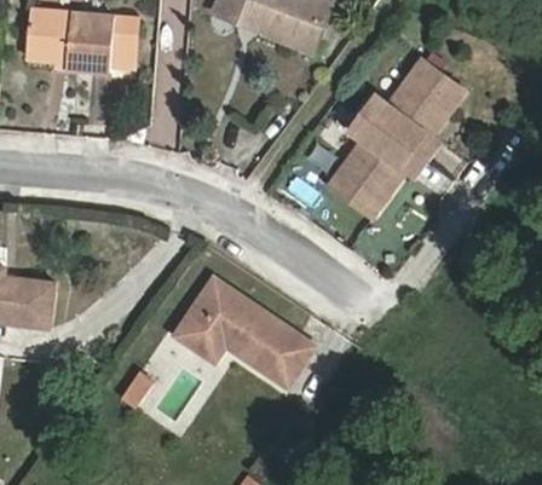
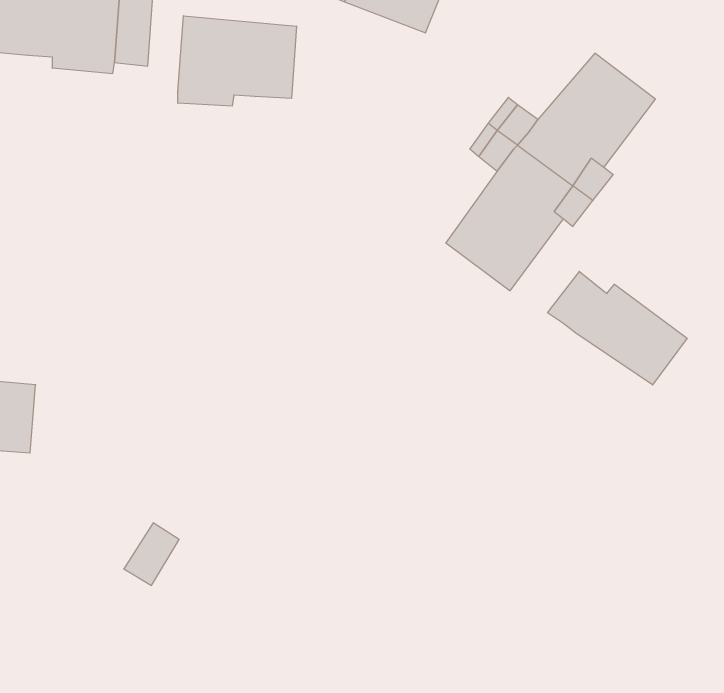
building: none -> [178,16,296,106]
building: none -> [548,271,687,385]
building: [171,276,311,387] -> none

